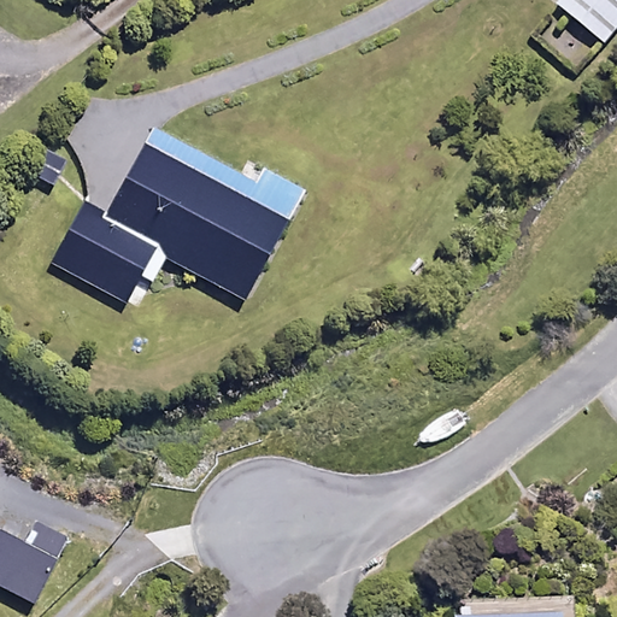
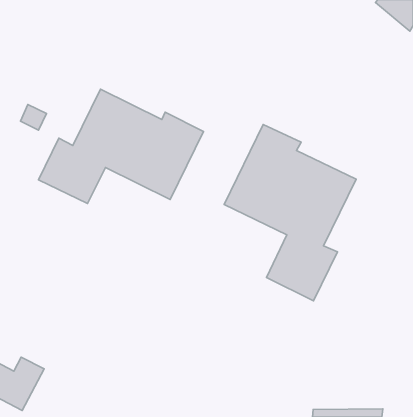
building: none -> [224,124,356,301]

